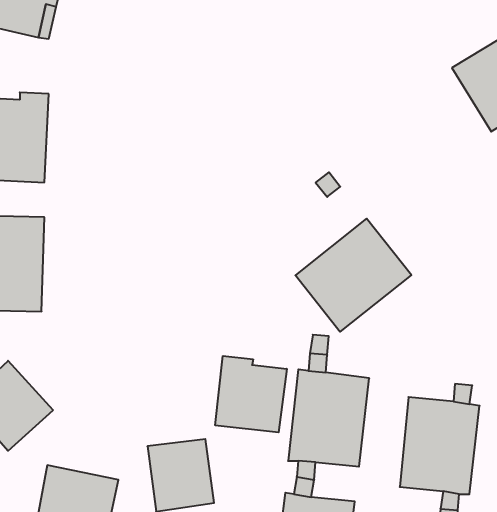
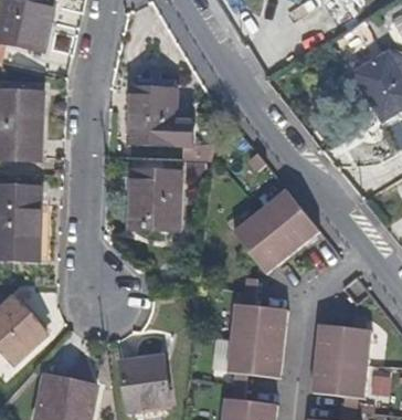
building: none -> [128,87,193,153]
building: none -> [130,170,181,229]
building: [215,356,287,432] -> none

